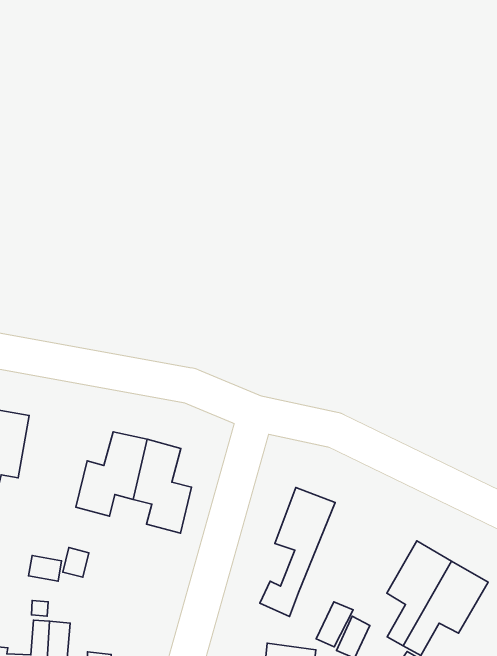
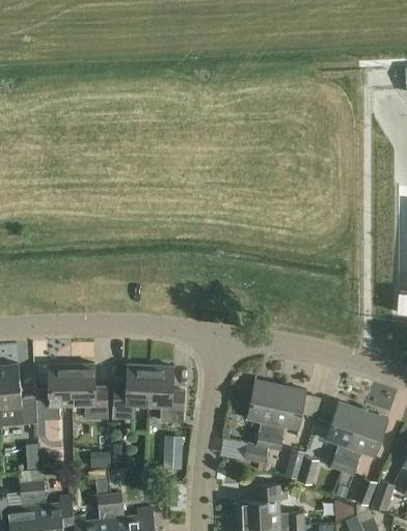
building: none -> [73,364,108,420]
building: none -> [267,386,306,450]
building: none -> [163,436,181,469]

